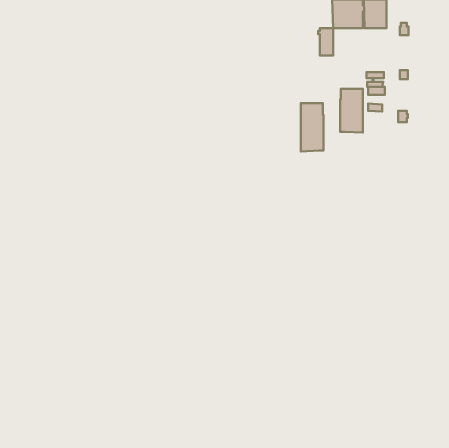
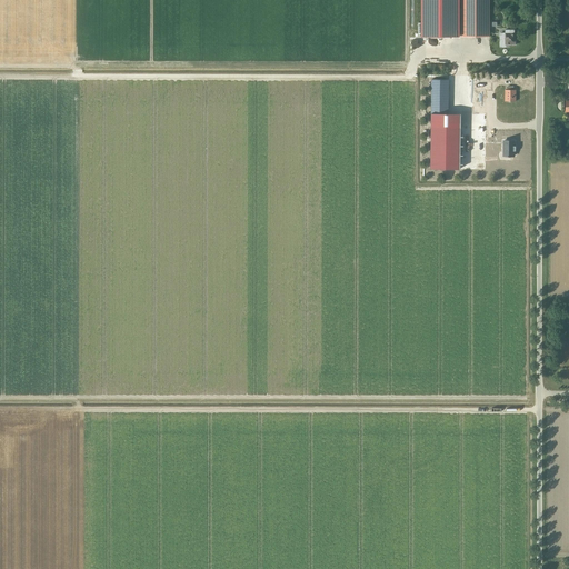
building: [318,28,333,55] -> [429,78,448,112]
building: [301,103,324,151] -> none

